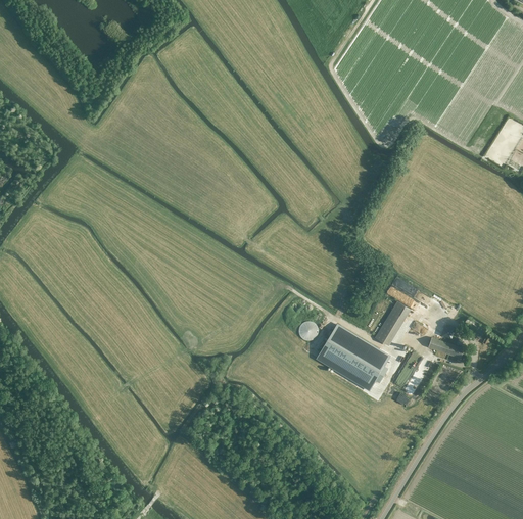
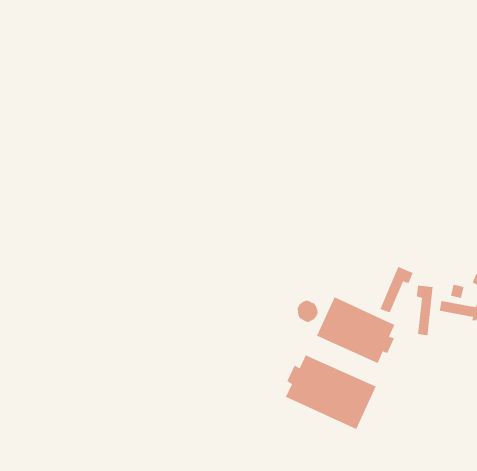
building: none -> [416,285,433,336]
building: none -> [285,354,376,430]

